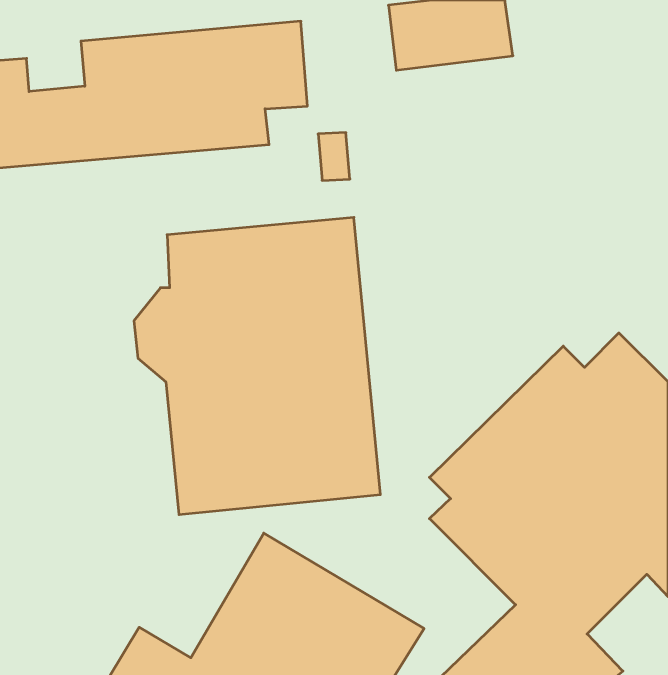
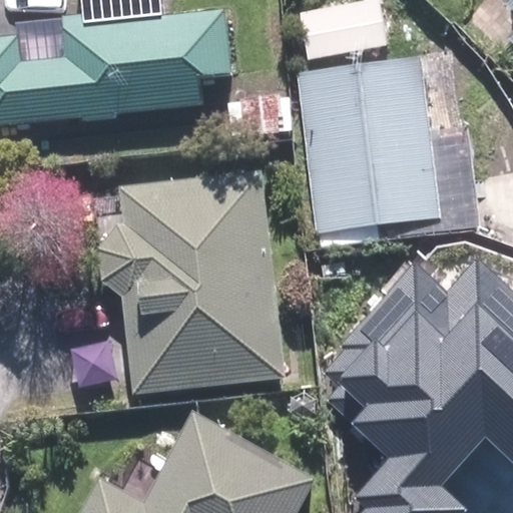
building: none -> [296,59,437,230]

